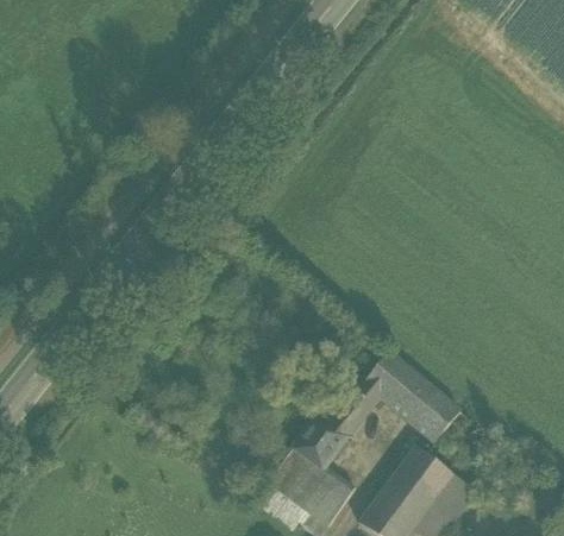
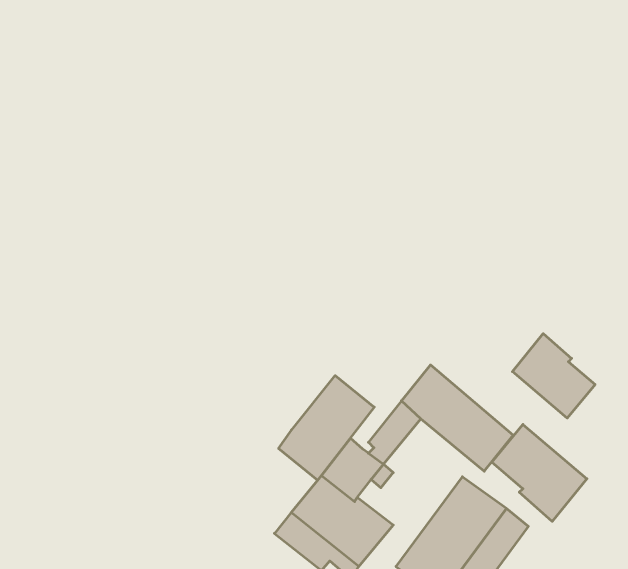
building: none -> [512,334,595,418]
building: none -> [279,376,374,480]
building: none -> [492,424,587,521]

